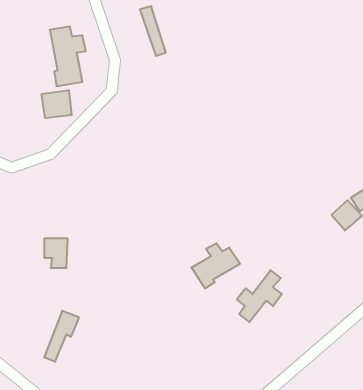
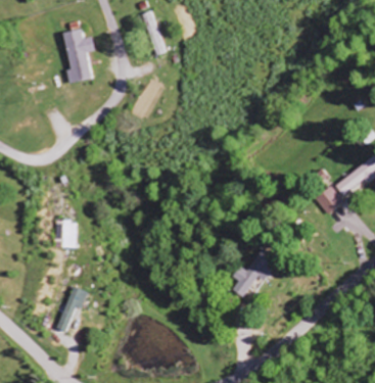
building: [42,90,72,118] -> none
building: [191,243,240,288] -> none

